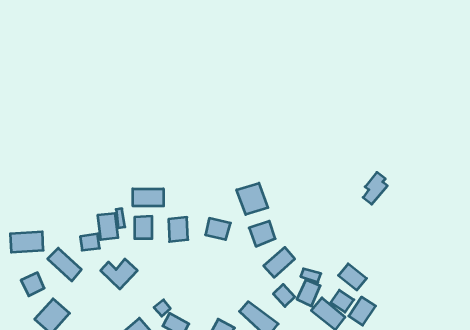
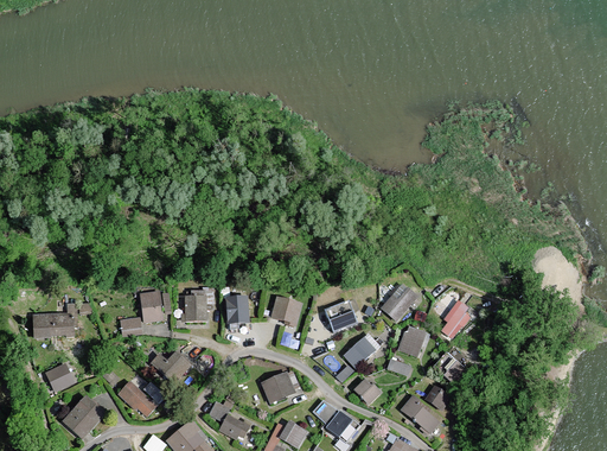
building: [363,172,387,204] -> [441,300,471,339]
building: [237,183,268,215] -> none
building: [133,189,164,206] -> none
building: none -> [381,282,418,322]
building: [48,248,81,281] -> [114,377,155,418]
building: none -> [261,371,295,404]
building: [297,280,320,306] -> [398,325,427,357]
building: [349,297,376,325] -> none

